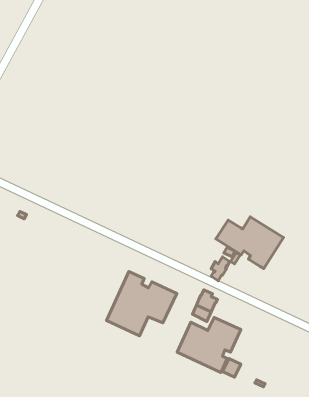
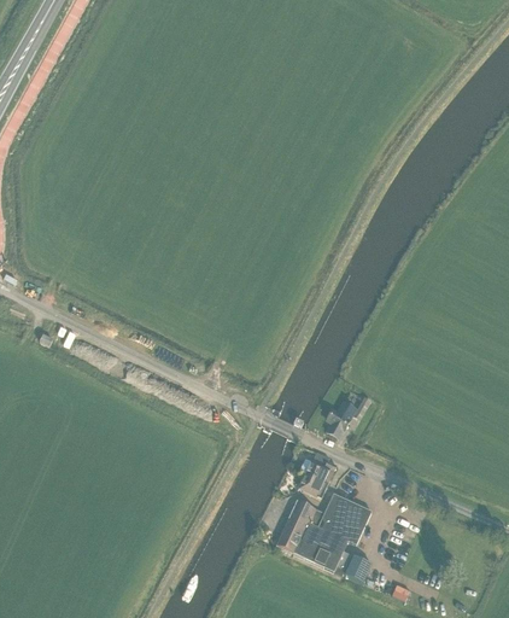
building: [216,217,283,269] -> none
building: [106,272,177,336] -> none

